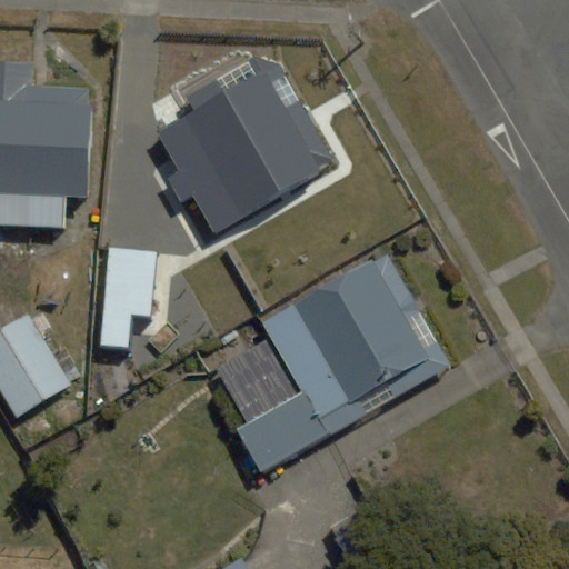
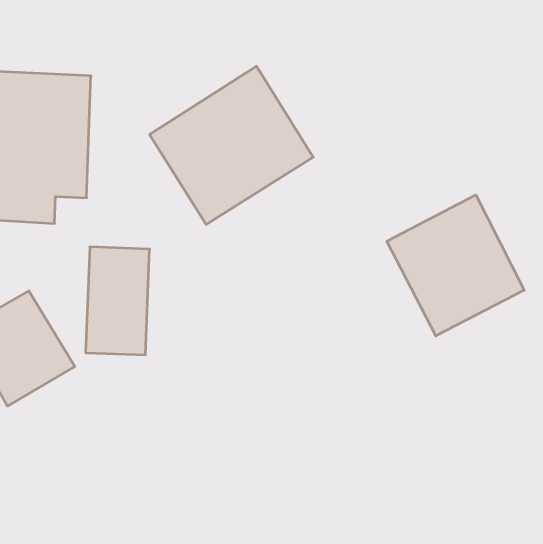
building: none -> [387,195,524,336]
building: [220,249,447,477] -> none

